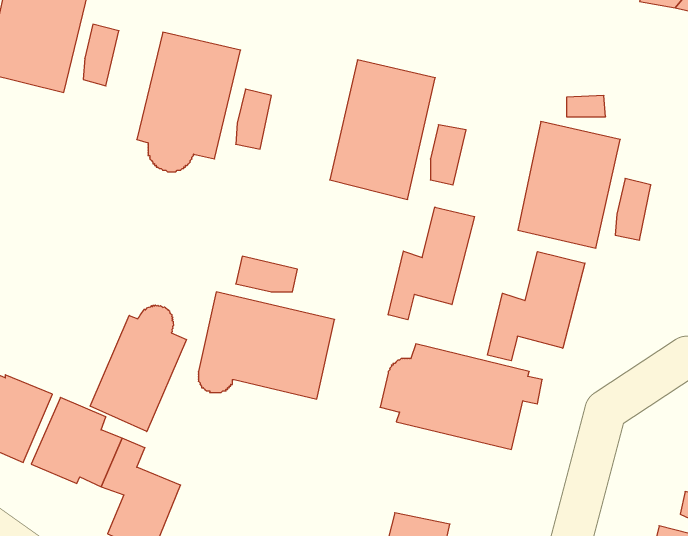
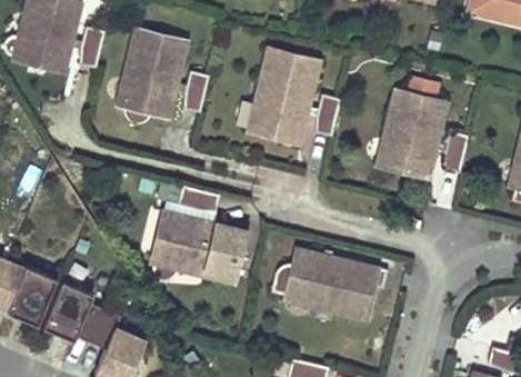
building: [388,207,475,320] -> none
building: [488,252,585,361] -> none
building: [90,305,187,432] -> none

